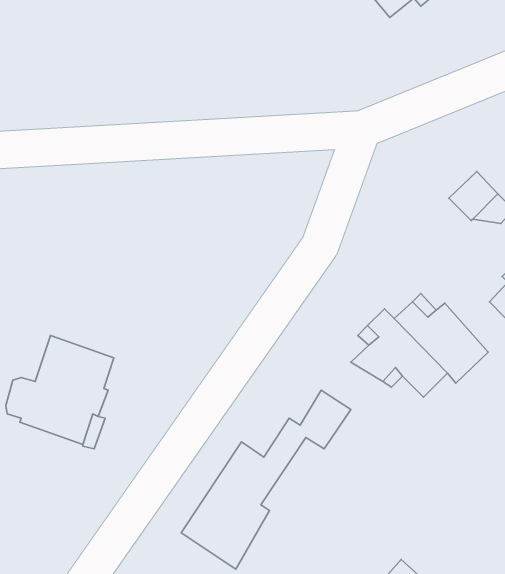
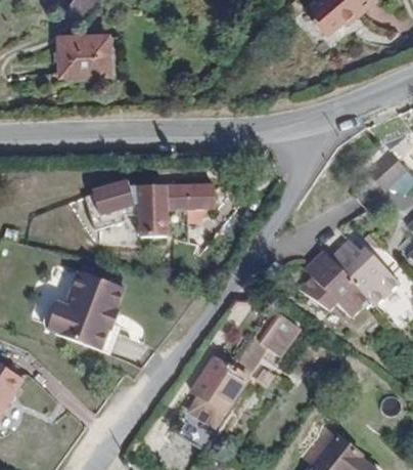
building: none -> [54,30,110,75]
building: none -> [83,183,214,237]

